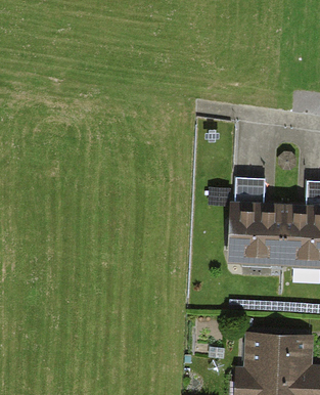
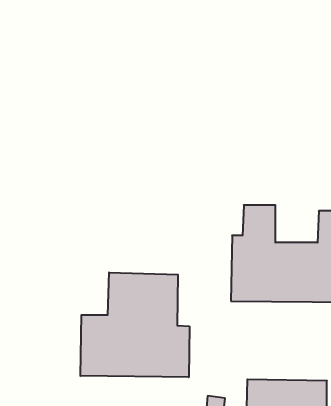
building: none -> [80,272,189,377]

